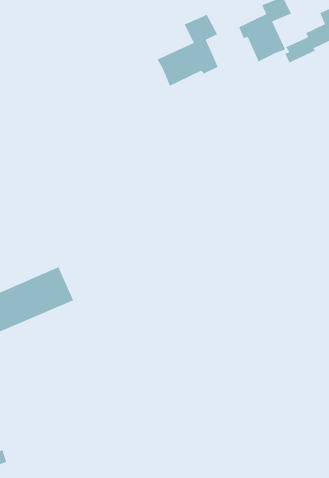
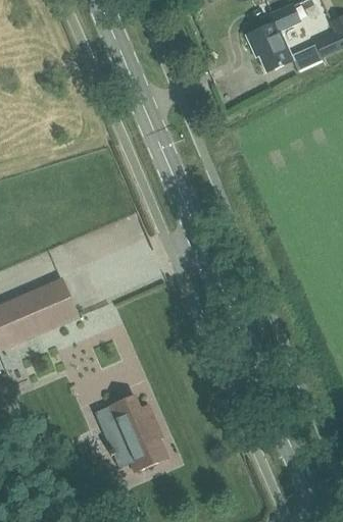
building: [157,14,219,87] -> none
building: none -> [94,395,167,473]

